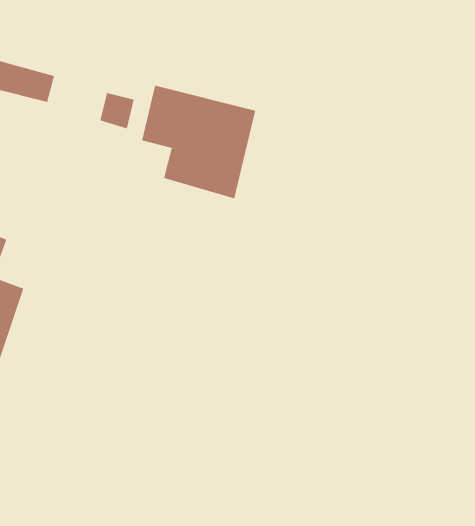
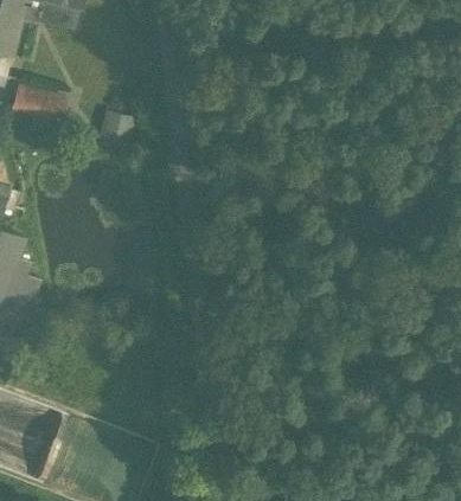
building: [141,85,256,199] -> none

